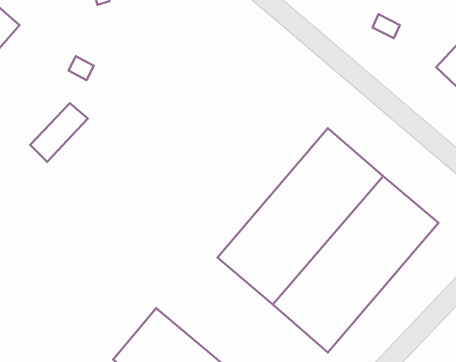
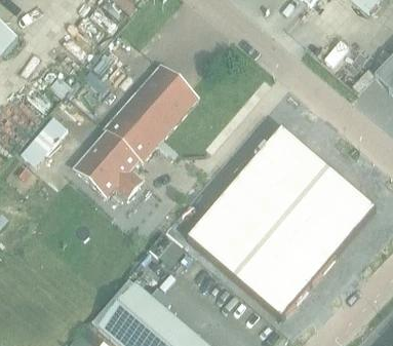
building: none -> [75,63,198,194]

